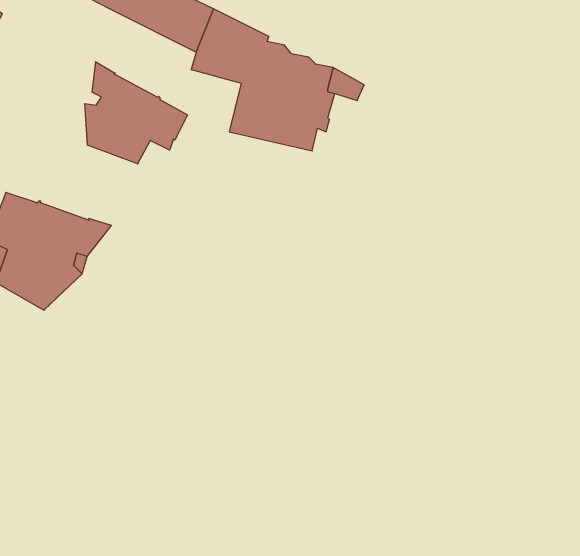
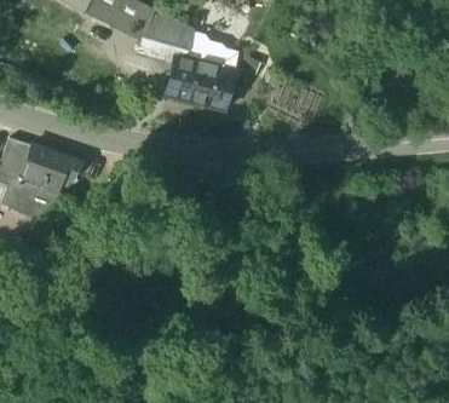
building: [85,62,187,164] -> none

